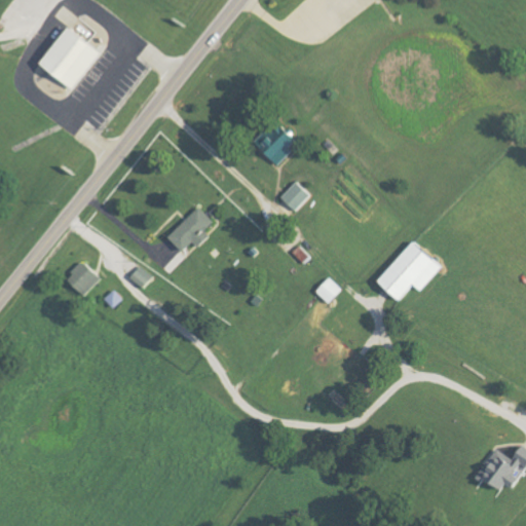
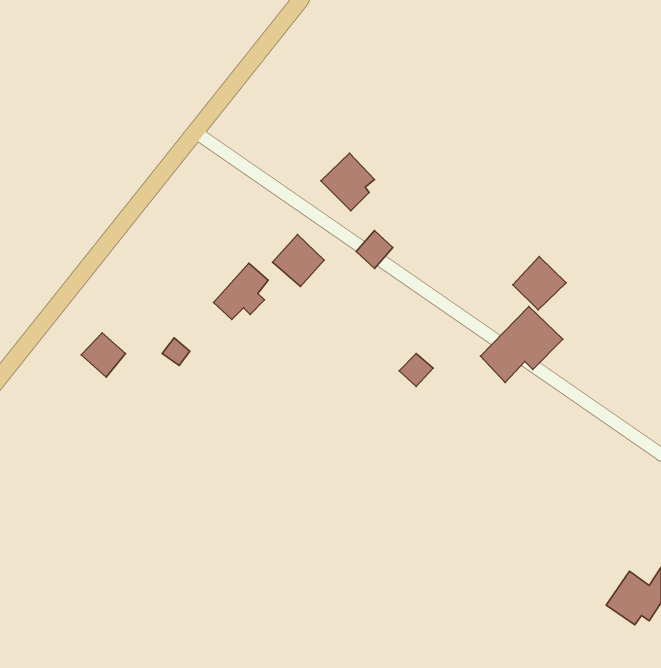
building: [38,28,100,89] -> none
building: none -> [272,234,324,286]
building: none -> [513,257,566,310]

